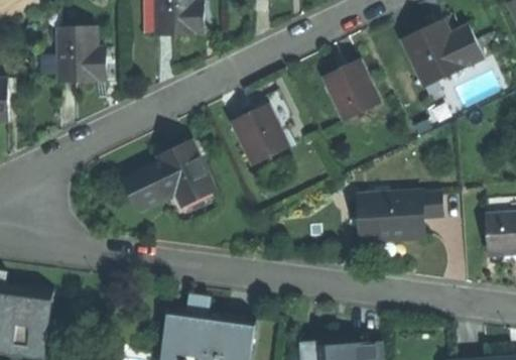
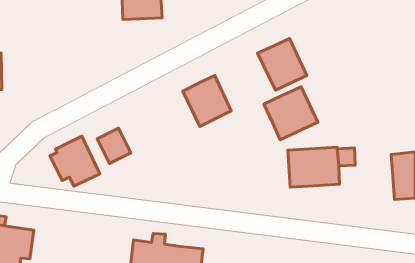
building: [401,20,484,88] -> none
building: [57,27,108,82] -> none
building: none -> [264,87,318,140]
building: [151,144,213,206] -> [50,136,100,186]

